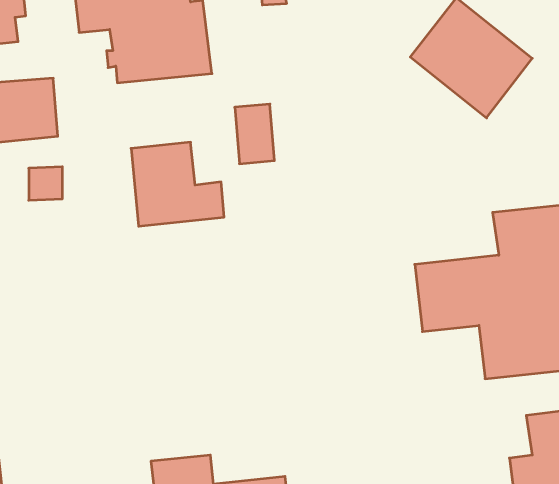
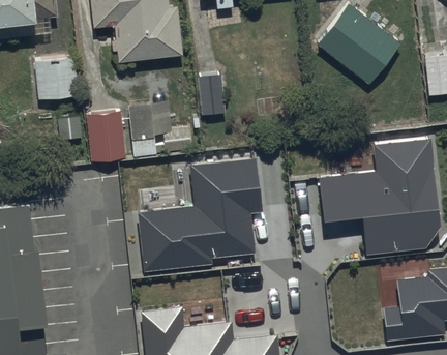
building: none -> [86,109,125,159]
building: none -> [135,161,263,279]

